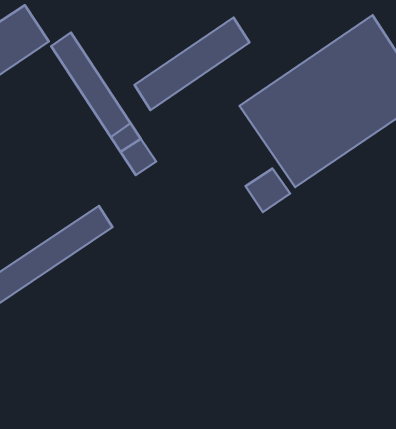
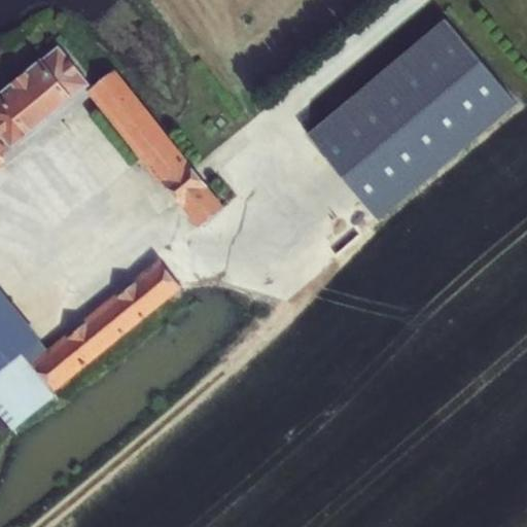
building: [134,18,250,110] -> none
building: [245,168,290,212] -> none

